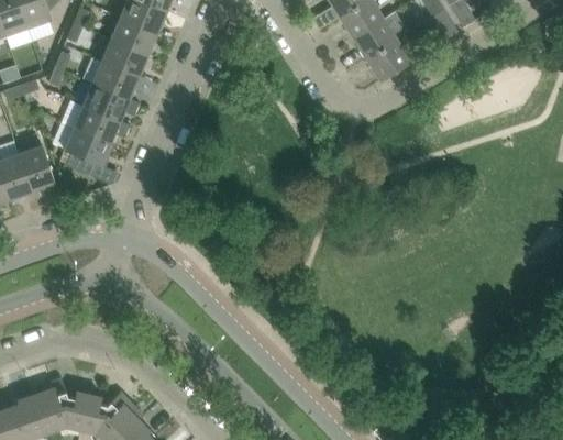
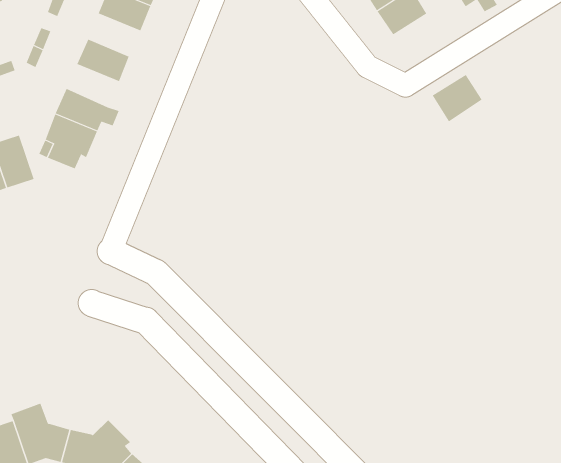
building: [101,40,147,77] -> none
building: [366,40,410,81] -> [432,74,483,122]
building: [82,84,137,121] -> none

